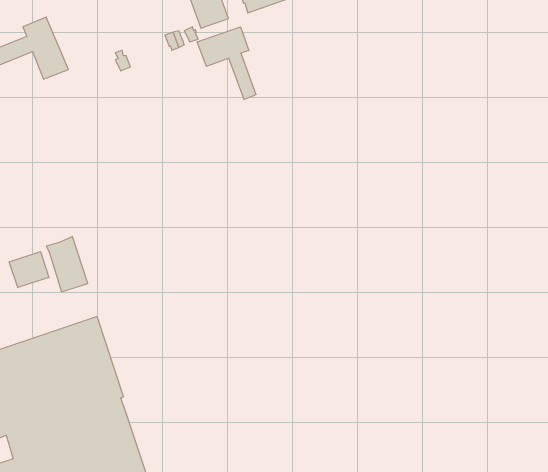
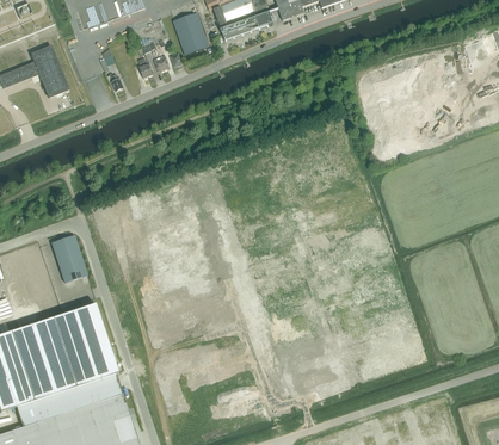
building: [197,27,256,100] -> none
building: [9,252,49,288] -> none

